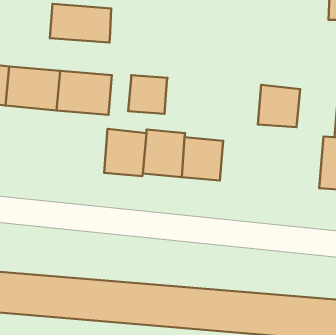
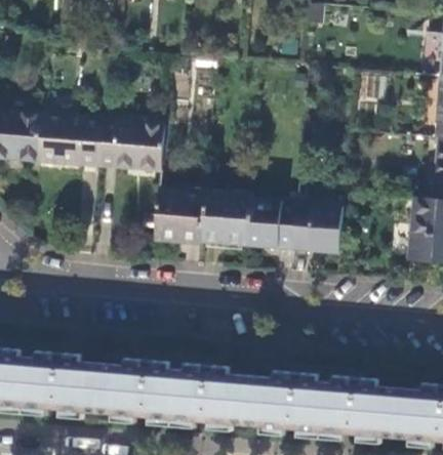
building: [50,4,111,42] -> none
building: [128,75,167,114] -> none
building: [258,85,300,127] -> [293,203,344,253]

